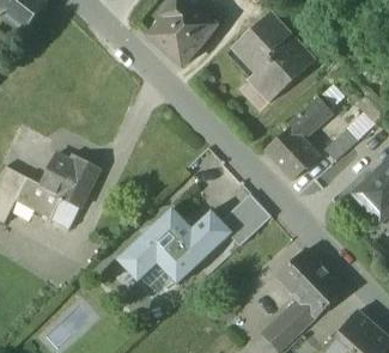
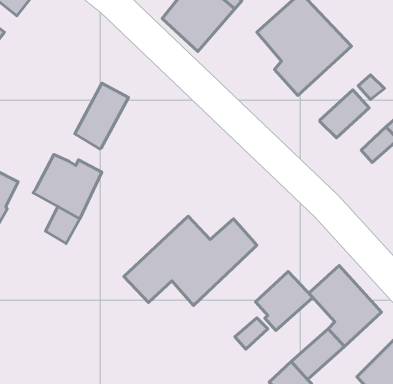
building: none -> [75,83,128,149]
building: [262,123,317,178] -> none
building: [14,175,60,219] -> none
building: [223,193,273,244] -> [255,272,313,331]

